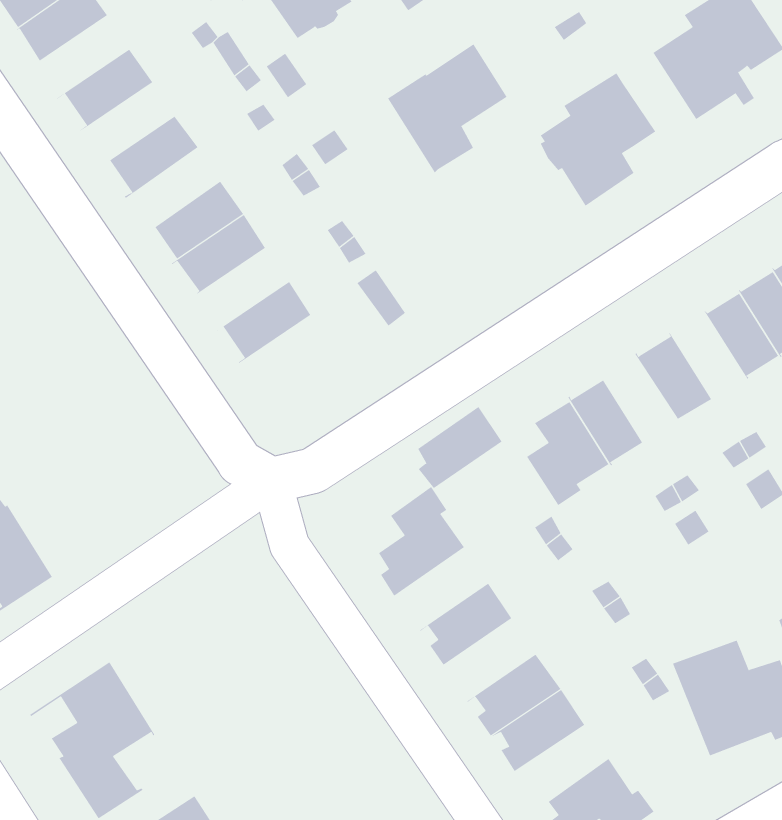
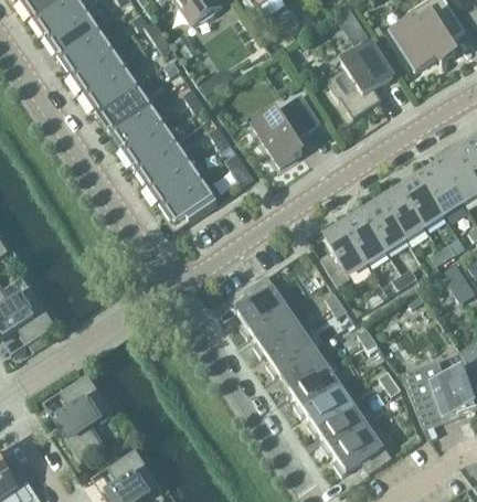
building: none -> [46,11,99,57]
building: [387,43,507,174] -> [254,93,321,165]
building: none -> [72,49,125,95]
building: none -> [97,85,150,132]
building: none -> [135,141,189,188]
building: none -> [402,177,445,227]
building: none -> [160,179,218,225]
building: none -> [363,201,407,252]
building: [408,406,503,489] -> [247,309,300,355]
building: none -> [275,349,327,395]
building: none -> [315,408,368,455]

